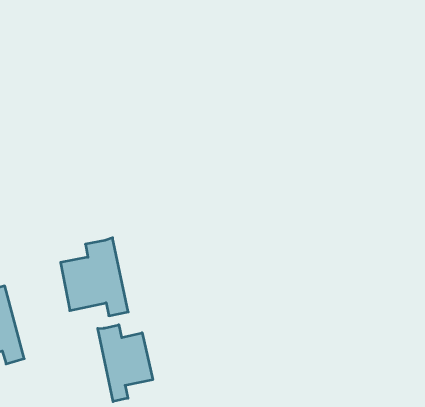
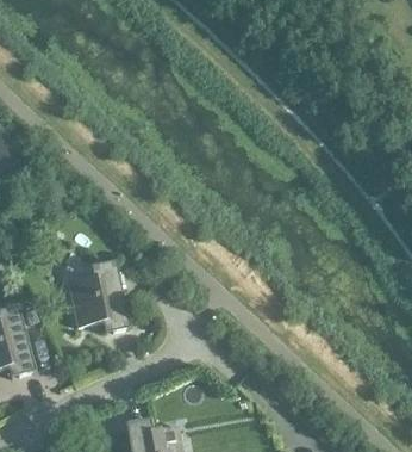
building: [98,325,153,402] -> none

